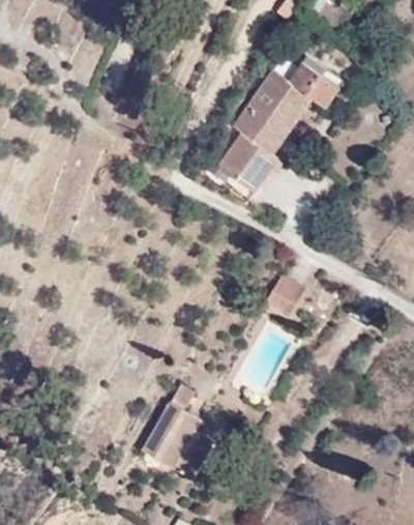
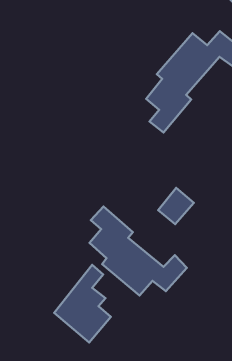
building: none -> [90,206,187,296]

